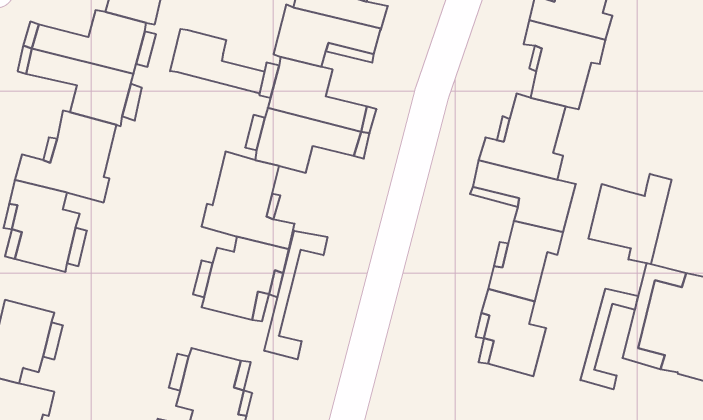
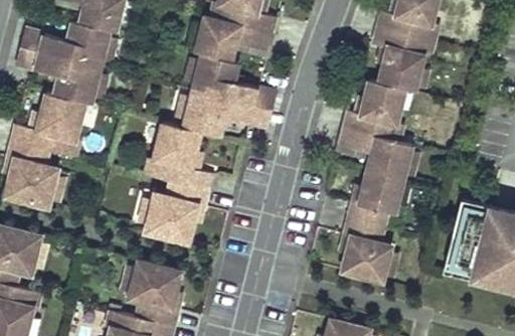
building: [170,29,264,94] -> none
building: [588,174,671,264] -> none
building: [264,231,327,359] -> none
building: [580,289,638,389] -> none

